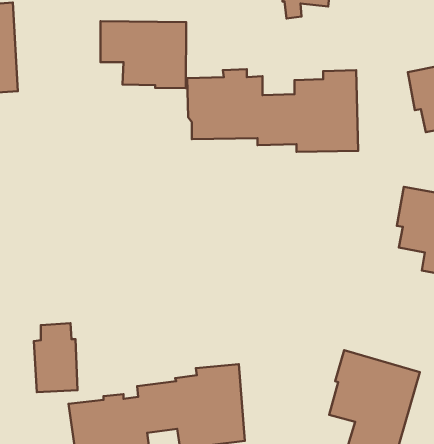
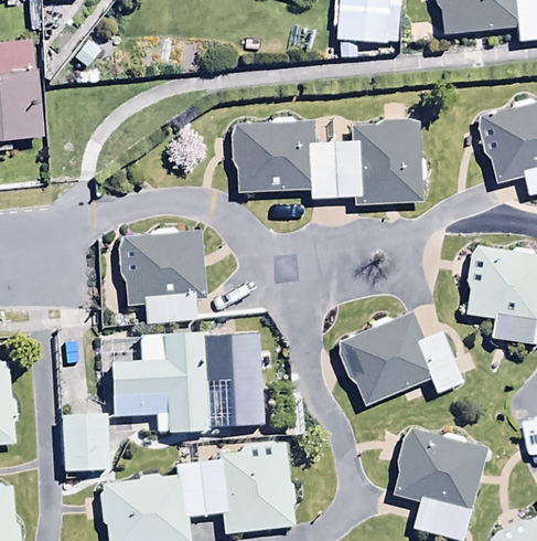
building: [101,21,186,88] -> none
building: none -> [119,230,207,323]
building: none -> [337,312,463,406]
building: none -> [110,330,262,434]

